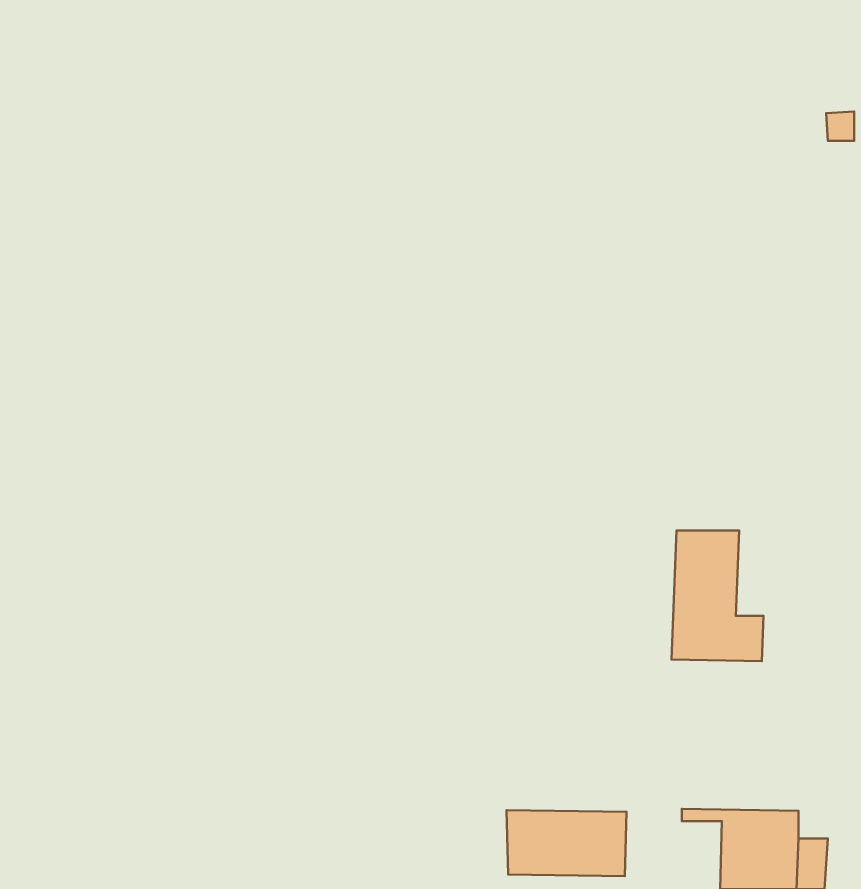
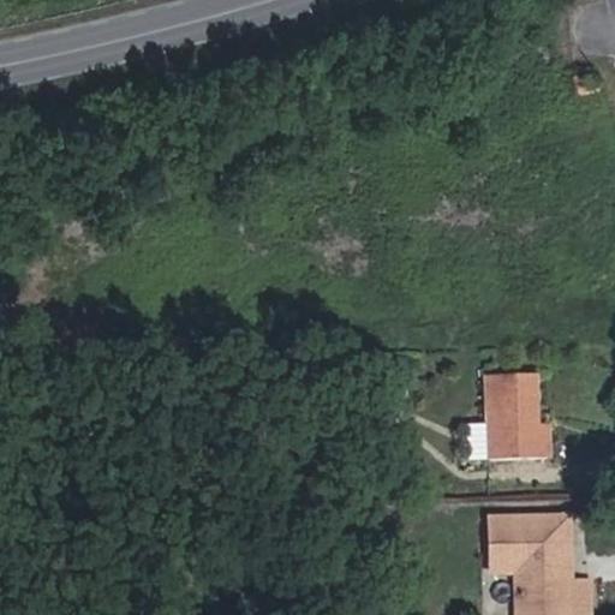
building: [506,810,626,876] -> [489,514,572,560]

